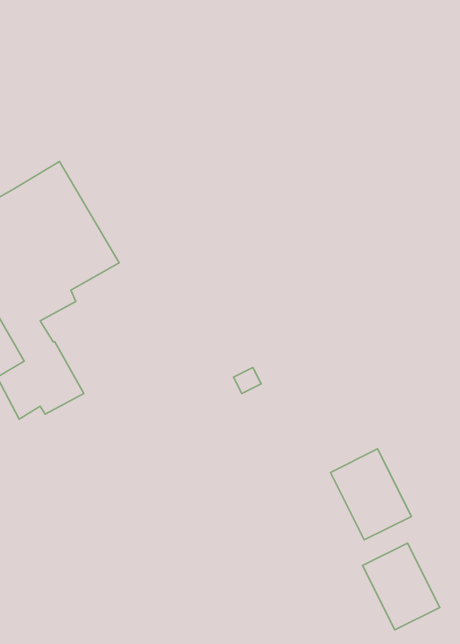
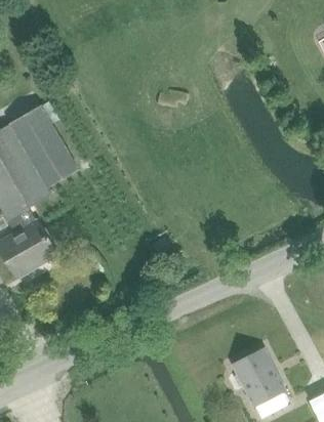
building: [330,449,411,540] -> none

